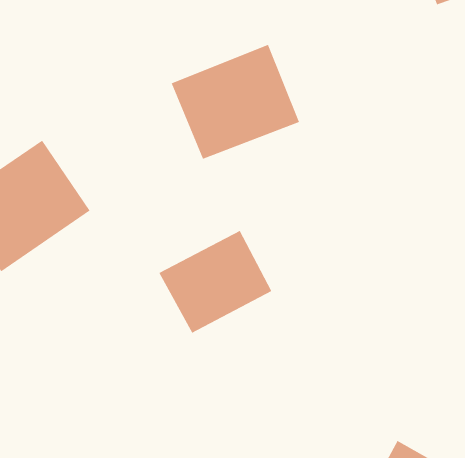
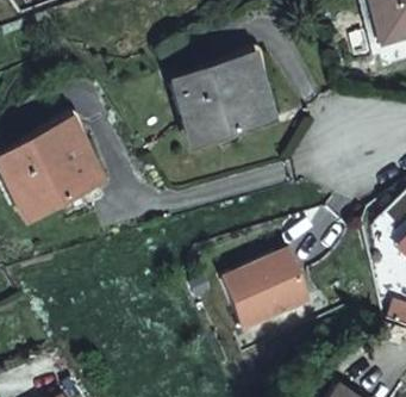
building: [159,230,272,334] -> [223,248,310,325]

